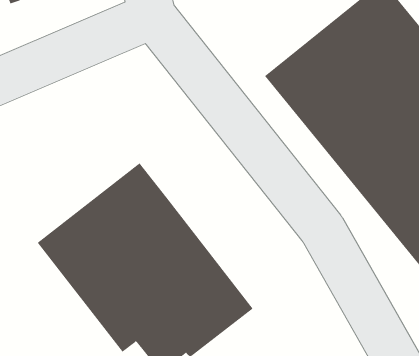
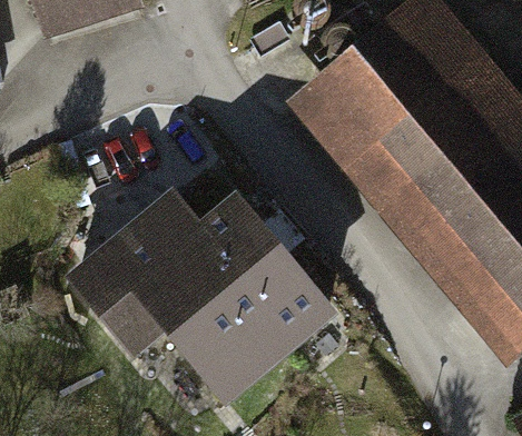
building: none -> [203,200,342,355]

